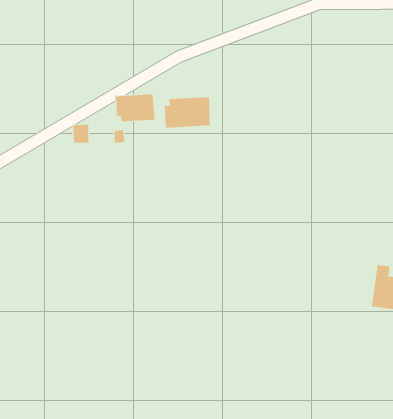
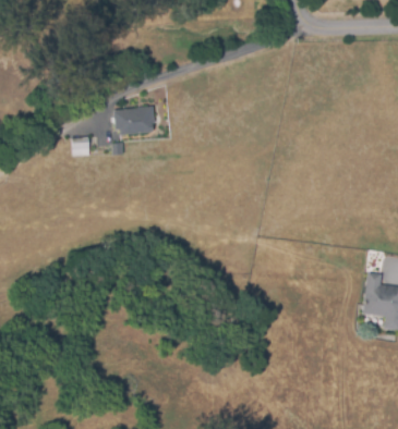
building: [164,96,210,129] -> none

